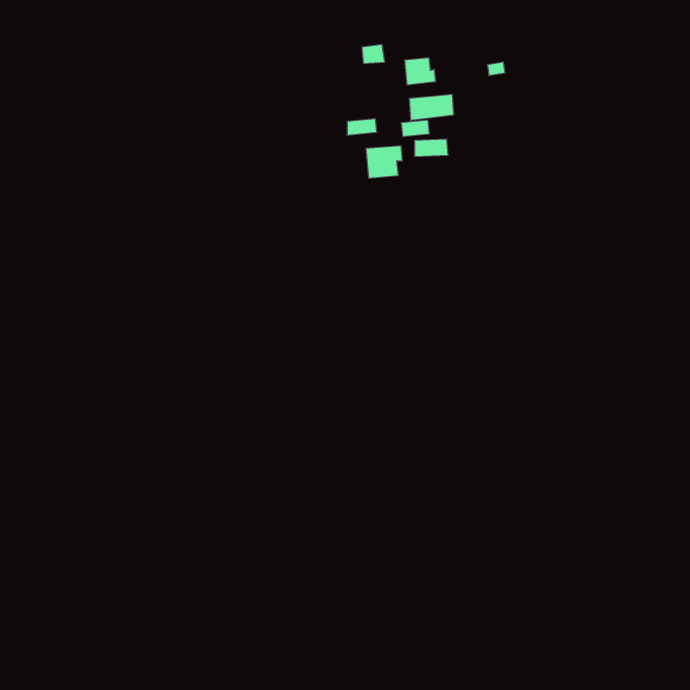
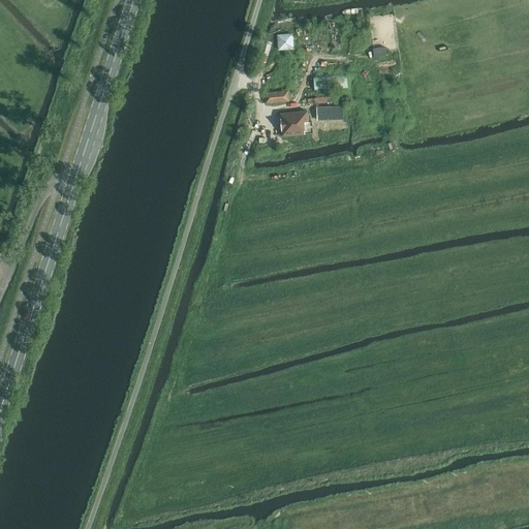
building: [405,58,435,85] -> none

